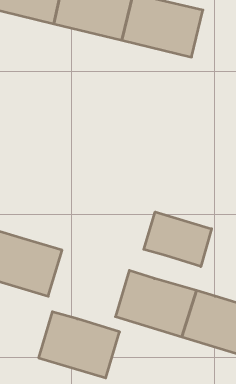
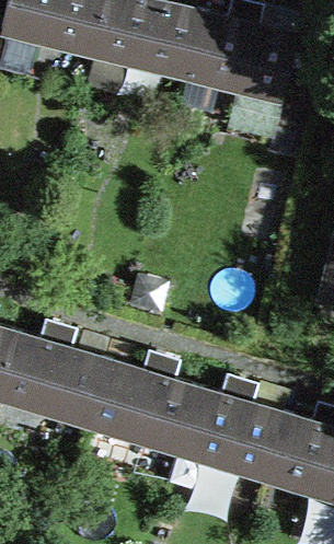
building: [144,212,212,267] -> none
building: [39,312,120,378] -> [71,357,181,447]

